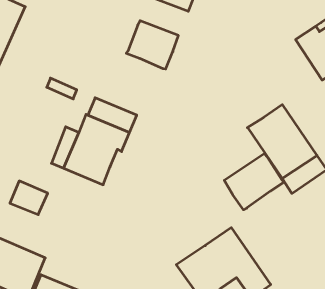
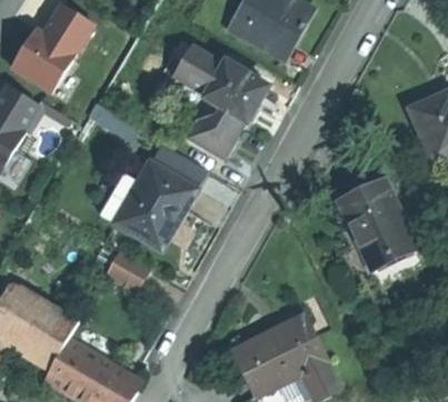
building: none -> [177,47,223,93]
building: none -> [193,103,246,152]
building: [224,154,284,210] -> none
building: [10,181,48,215] -> [106,248,151,290]

